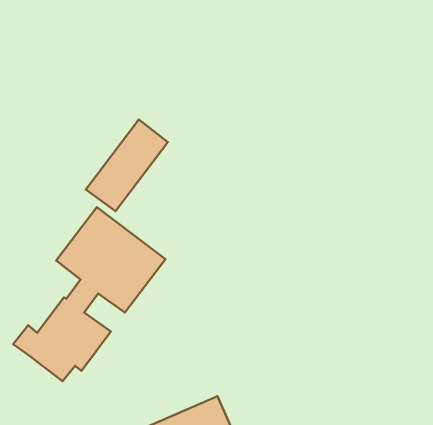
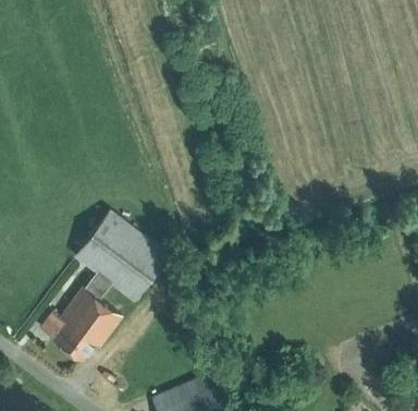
building: [86,119,168,211] -> none

